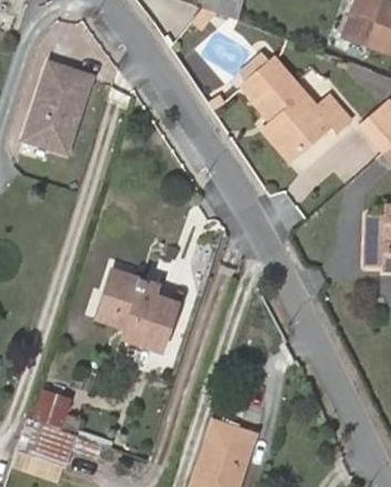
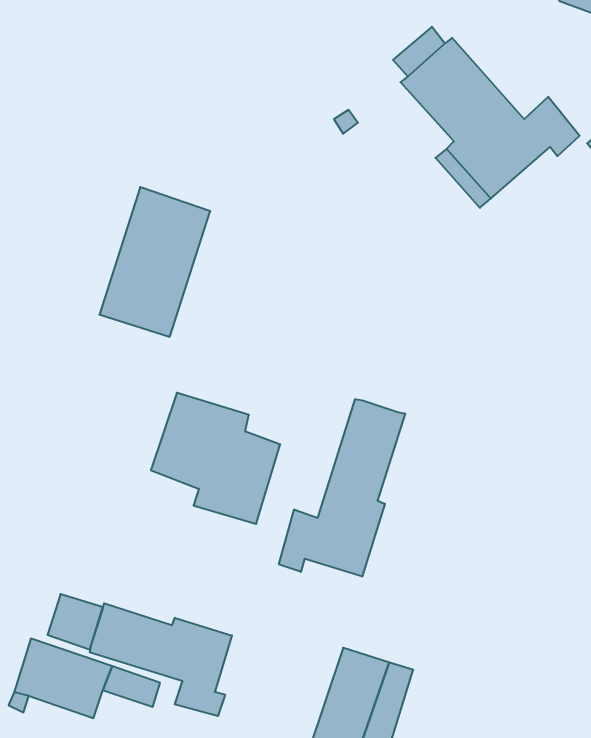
building: [25,64,92,153] -> [99,187,210,337]
building: none -> [279,399,405,577]
building: none -> [90,603,232,716]

